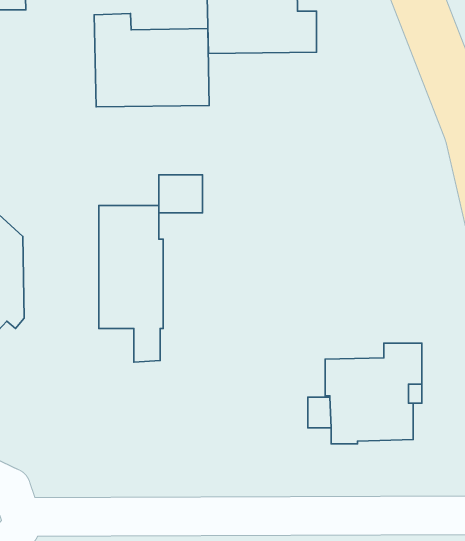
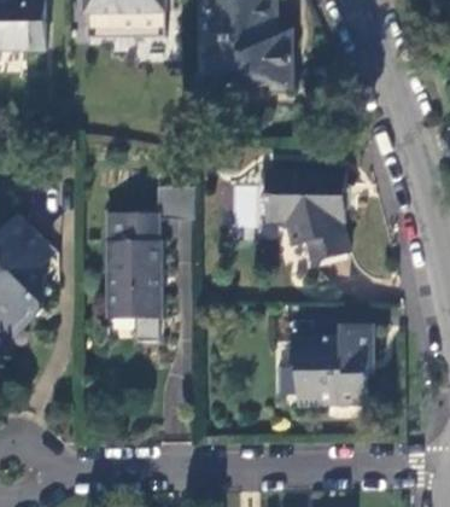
building: [94,14,209,107] -> none
building: none -> [268,169,347,258]

